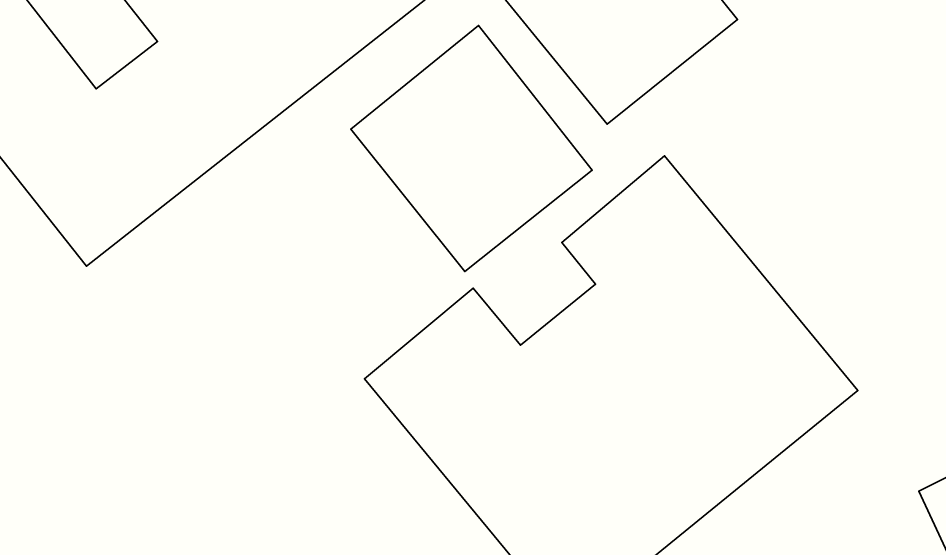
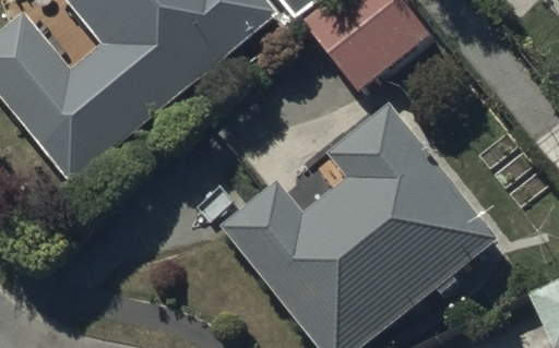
building: [351,26,592,272] -> none

